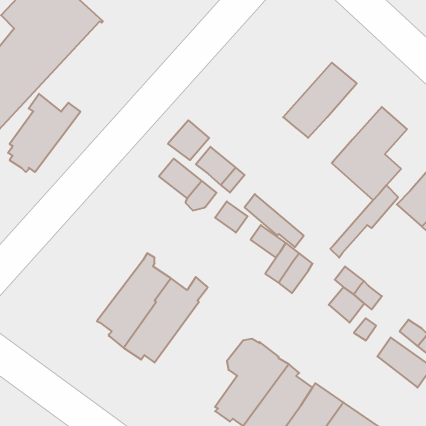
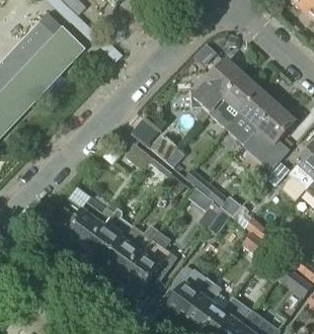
building: none -> [191,60,243,121]
building: none -> [227,90,278,144]
building: [8,94,80,172] -> [64,199,113,253]
building: none -> [122,230,177,298]

